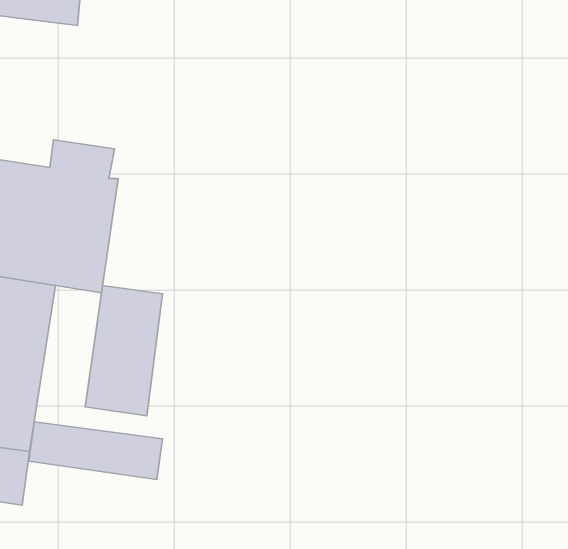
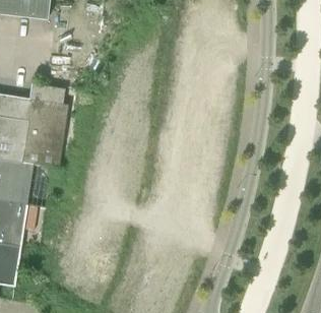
building: [85,286,162,416] -> none
building: [29,422,163,479] -> none

